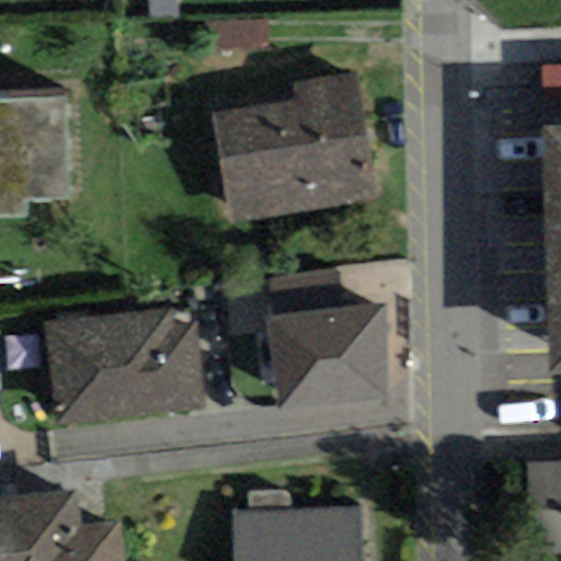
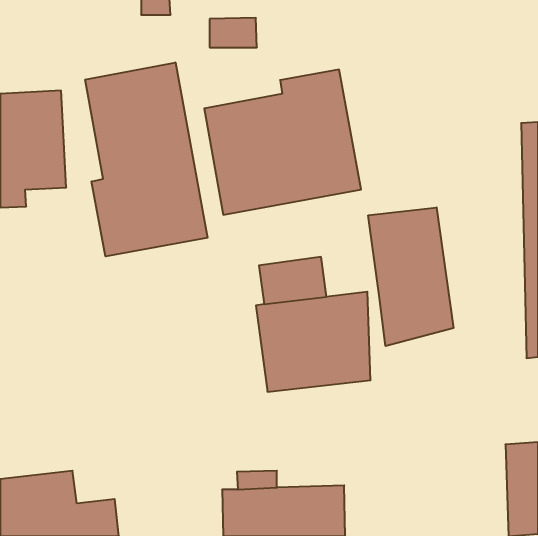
building: none -> [85,62,208,256]
building: none -> [368,207,453,346]
building: [45,309,205,424] -> none

